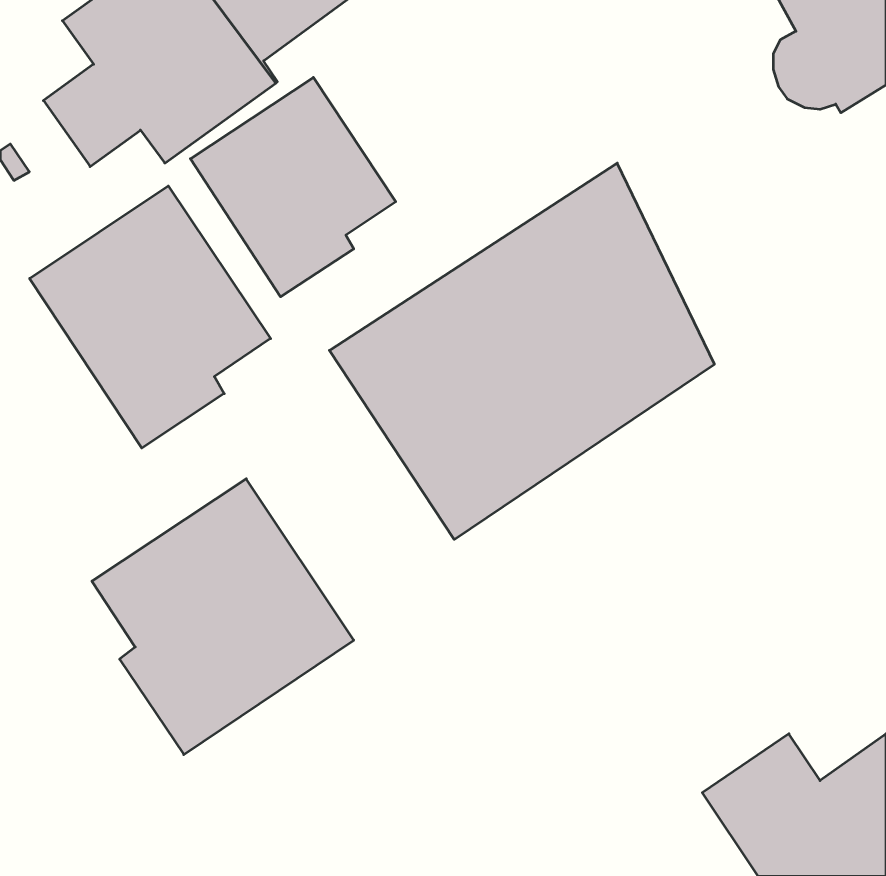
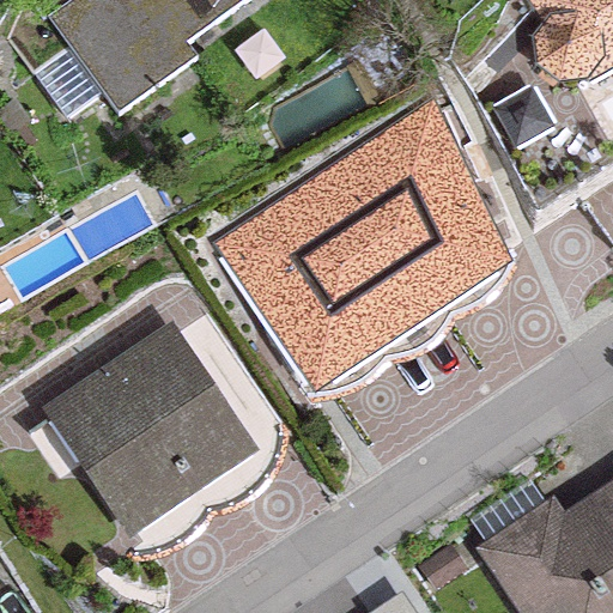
building: [190,77,396,297] -> none
building: [30,186,271,448] -> none

